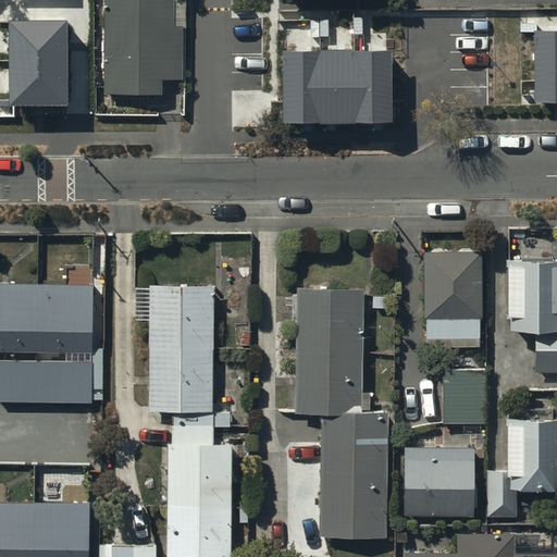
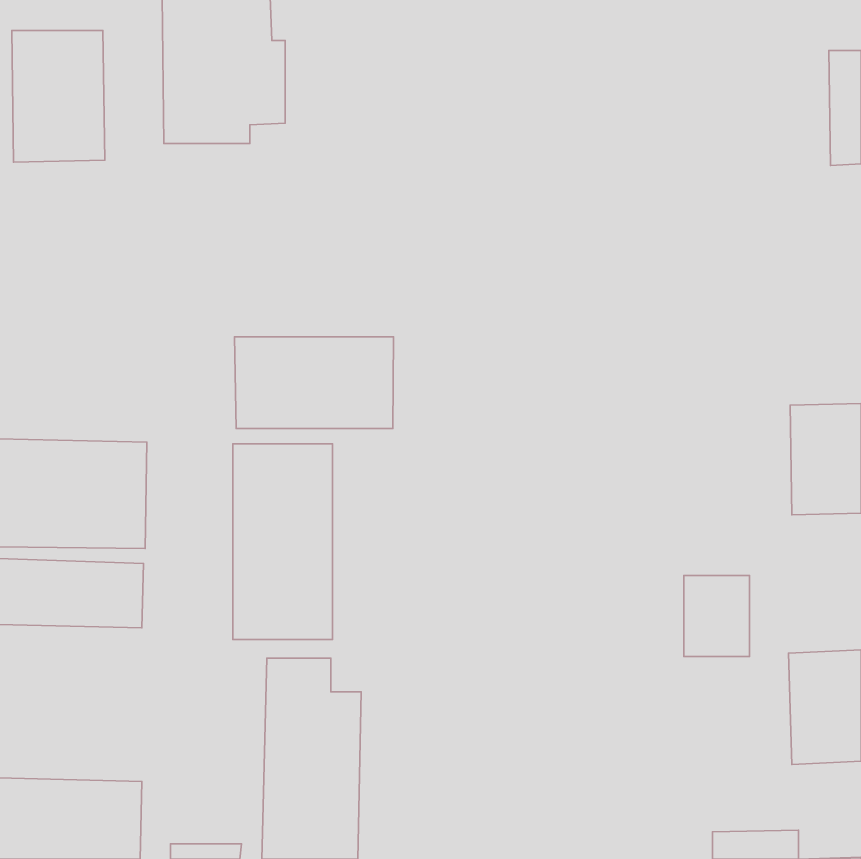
building: [283,52,394,127] -> none
building: none -> [235,337,393,429]
building: [423,252,482,320] -> none
building: [295,290,389,540] -> none
building: [405,447,475,518] -> none

